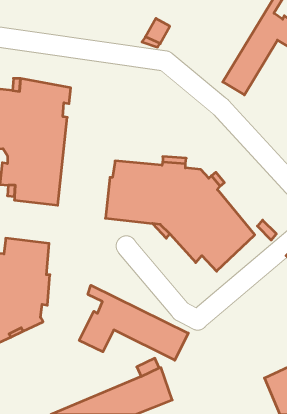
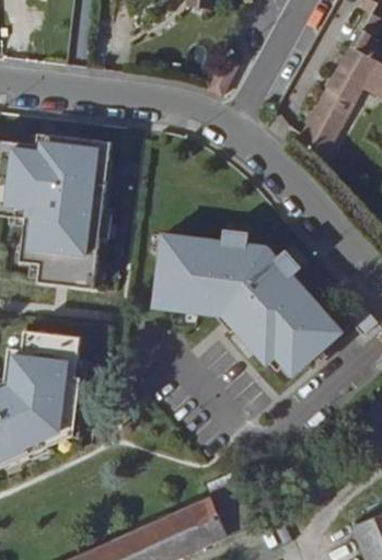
building: [79,285,188,360] -> none

